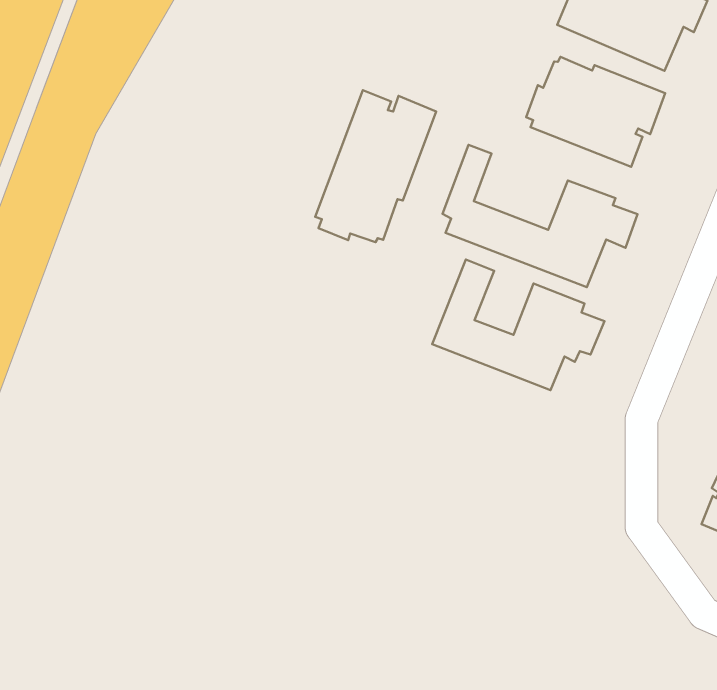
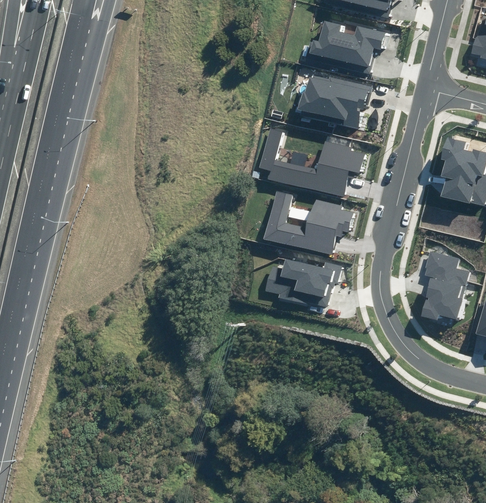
building: [315,90,436,242] -> none
building: none -> [265,258,342,306]

